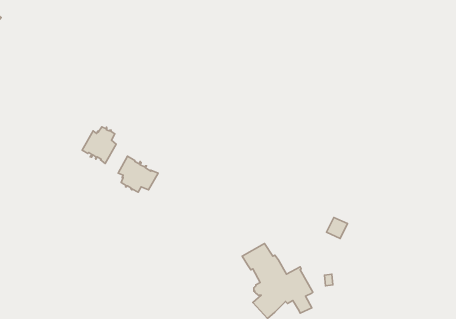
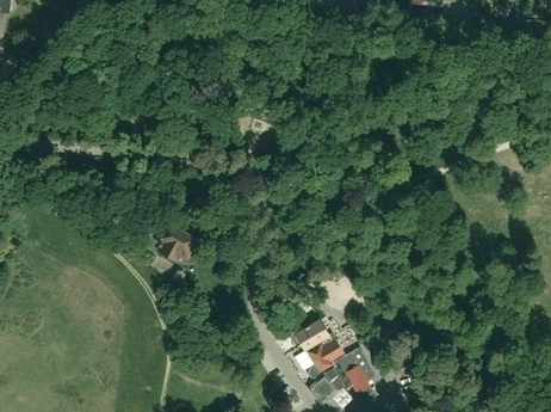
building: [82,127,116,164] -> none

